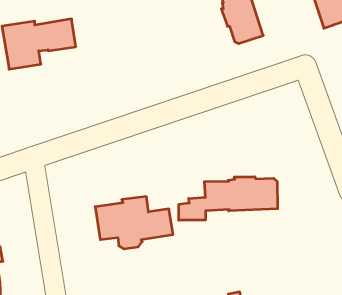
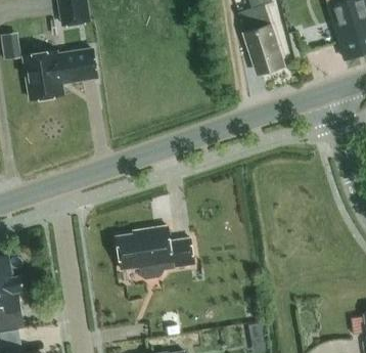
building: [179,177,278,220] -> none

